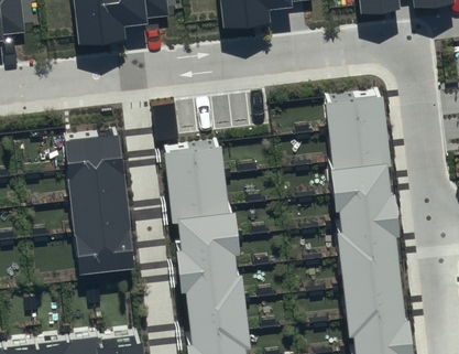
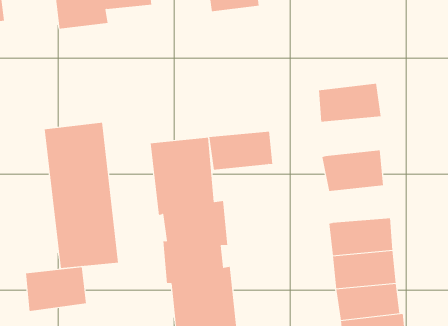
building: [328,127,390,164] -> [209,131,273,170]
building: [336,192,395,228] -> none
building: none -> [26,266,86,312]

